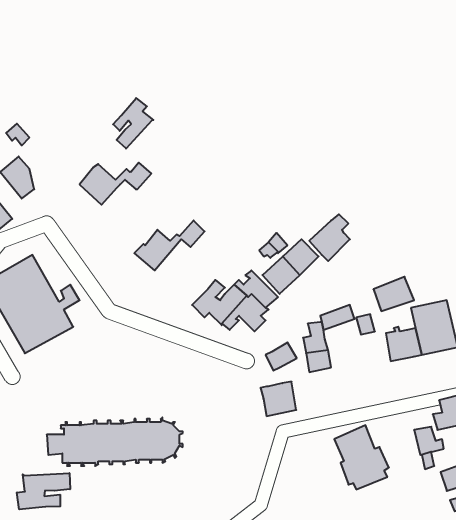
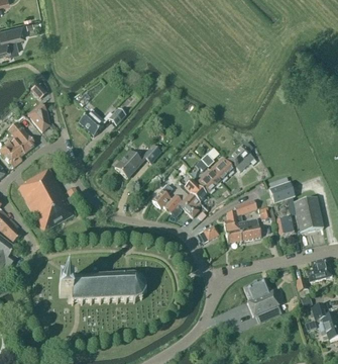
building: [113,98,153,149] -> none
building: [260,382,296,416] -> [237,218,260,241]
building: [17,473,70,509] -> none

